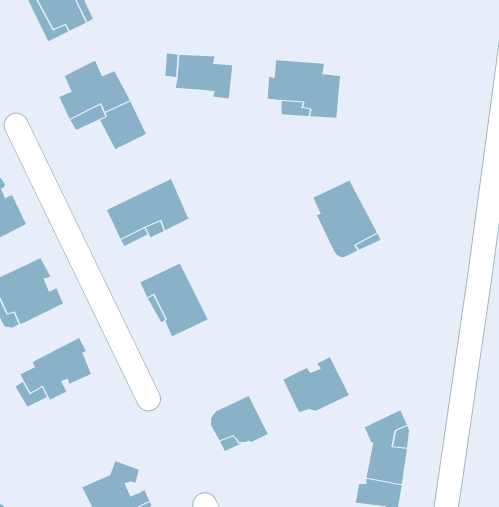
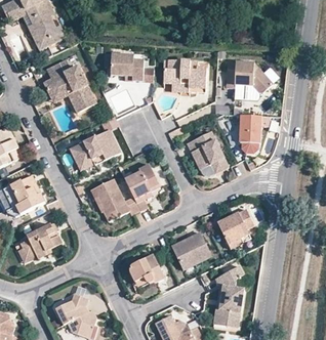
building: none -> [227,65,275,95]
building: none -> [239,115,260,144]
building: none -> [126,164,160,203]
building: none -> [216,209,253,249]

